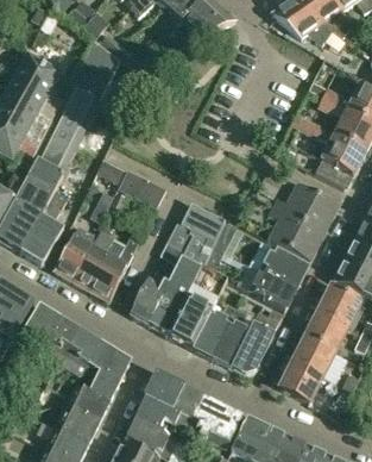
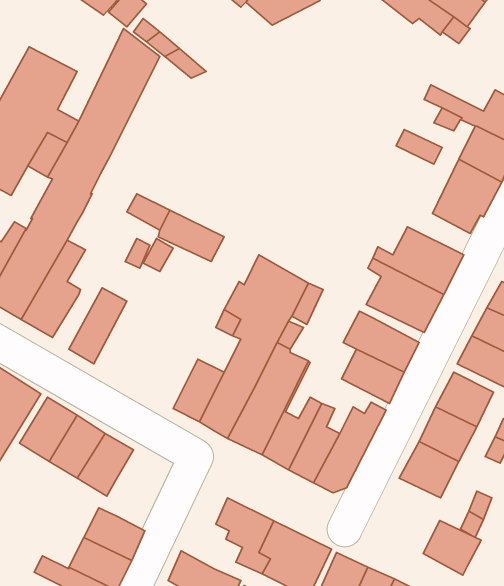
building: [72,227,140,300] -> none
building: [88,342,130,400] -> none
building: [280,362,322,401] -> [423,520,481,575]
building: [135,370,179,427] -> none

